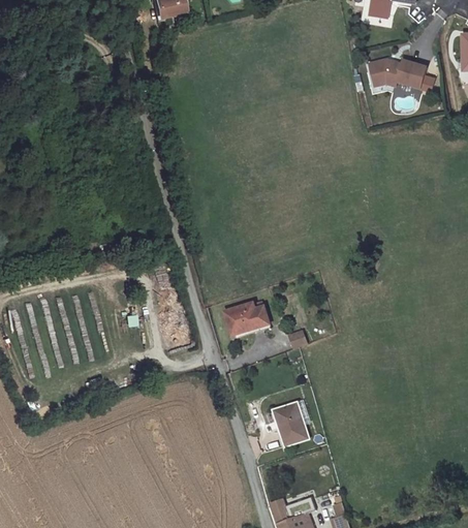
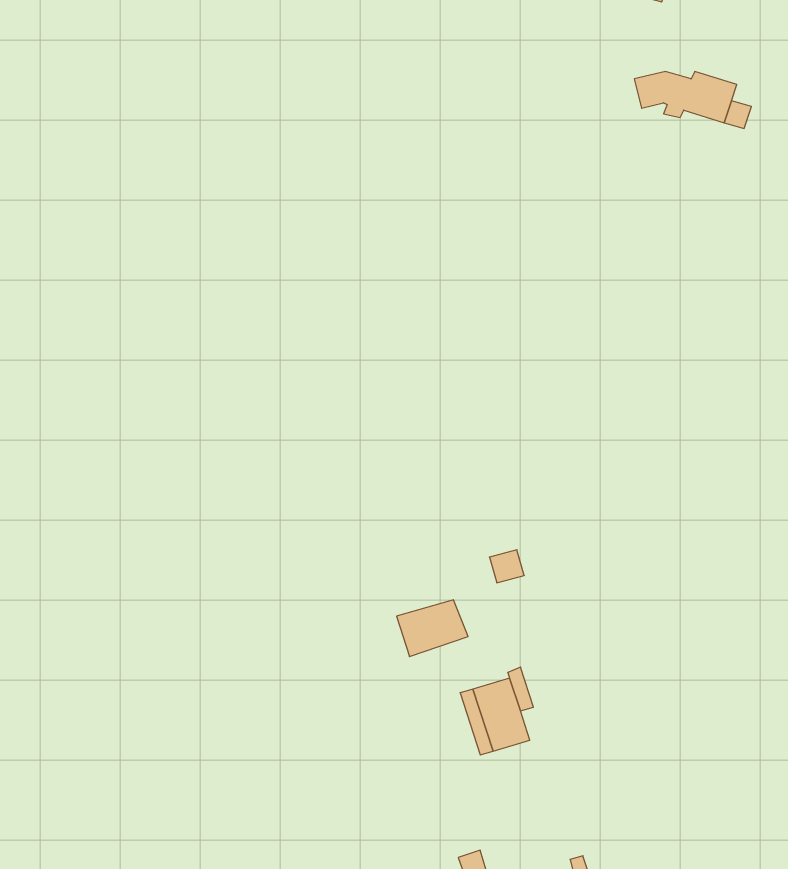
building: [223,303,263,335] -> [397,600,468,657]

